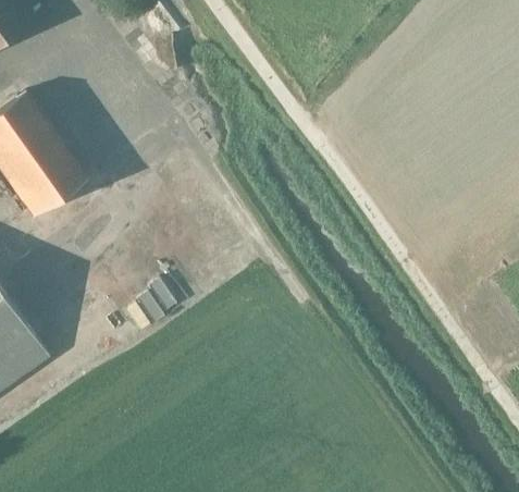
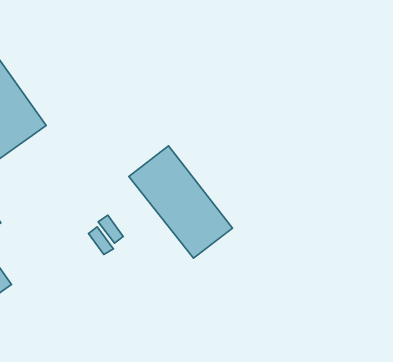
building: none -> [129,146,232,258]

